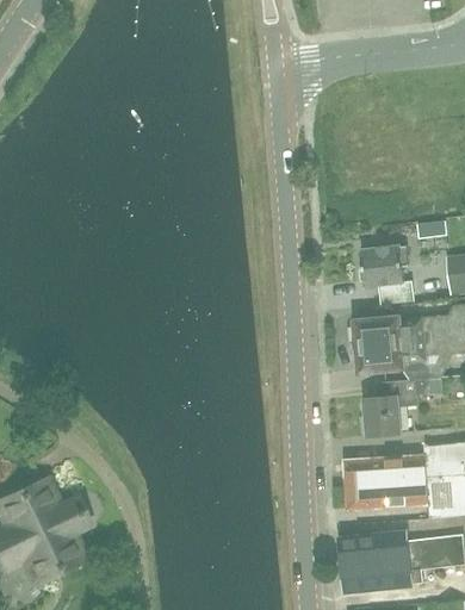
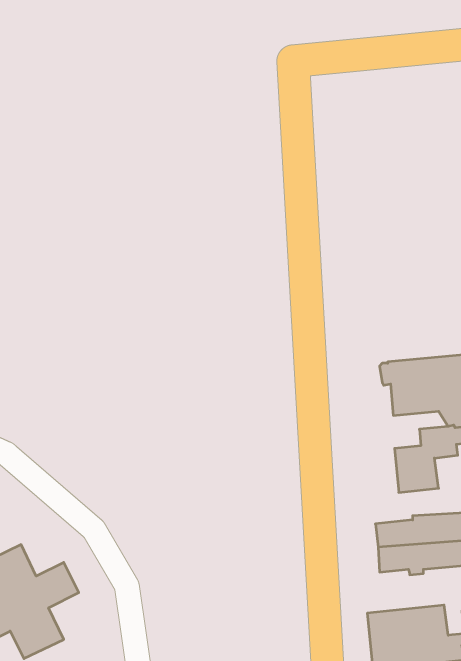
building: [359,245,415,305] -> none

